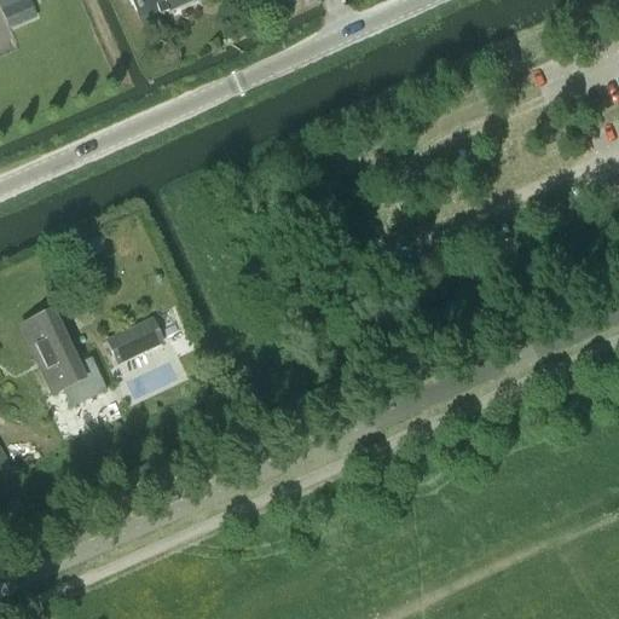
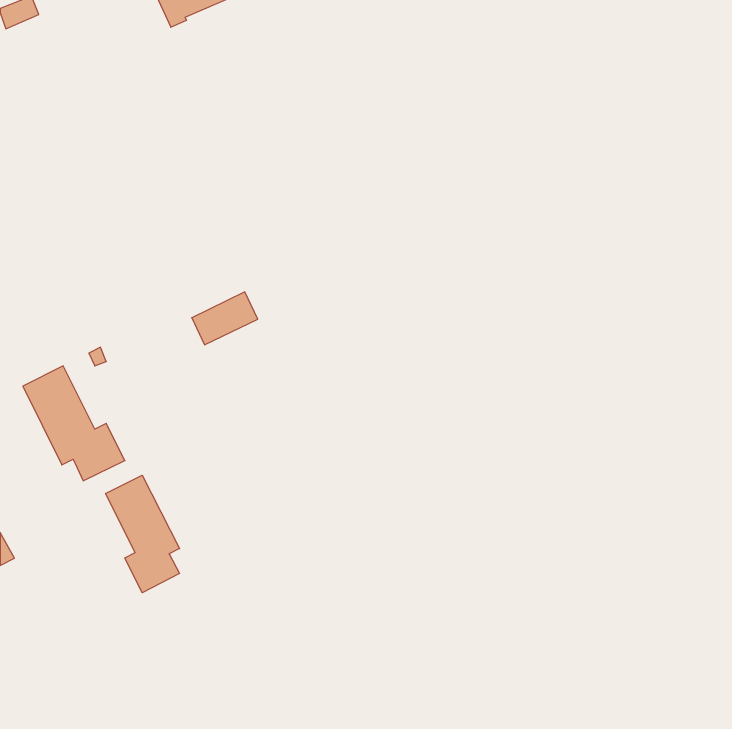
building: [106,316,162,360] -> [192,292,258,345]
building: none -> [106,475,180,593]

